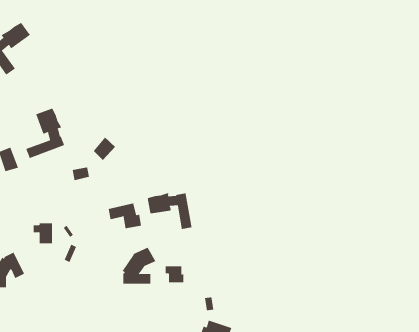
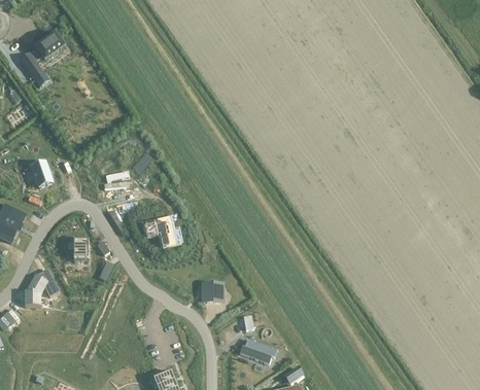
building: [26,108,65,159] -> none
building: [147,192,192,230] -> none
building: [122,247,156,285] -> none

